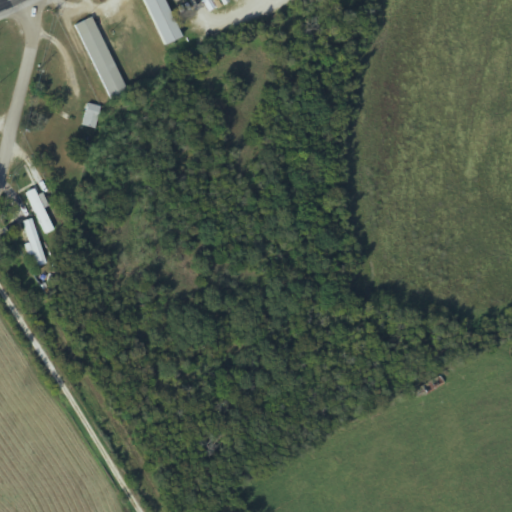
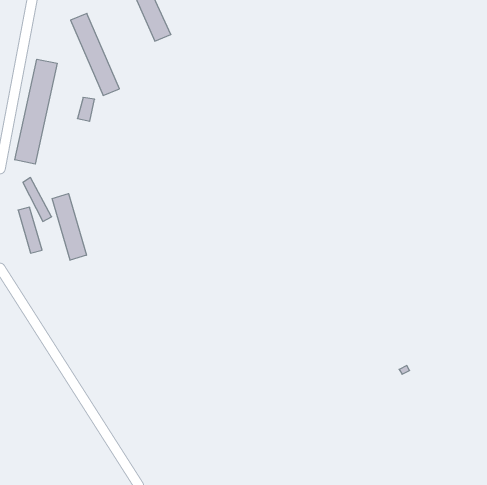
building: none -> [15,59,57,164]
building: none -> [52,194,86,260]

